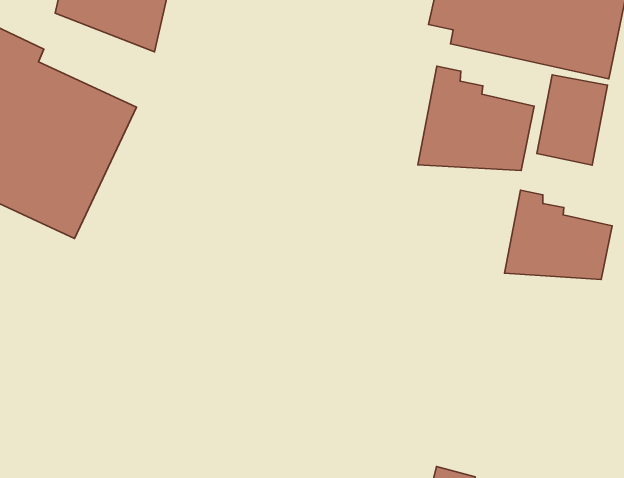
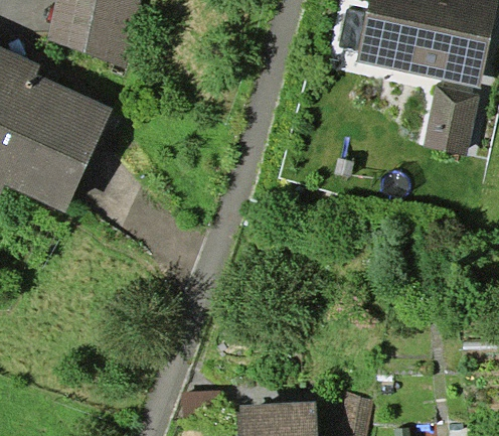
building: [418,66,534,170] -> none
building: [505,190,612,280] -> none

